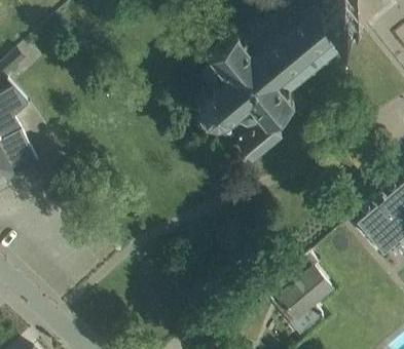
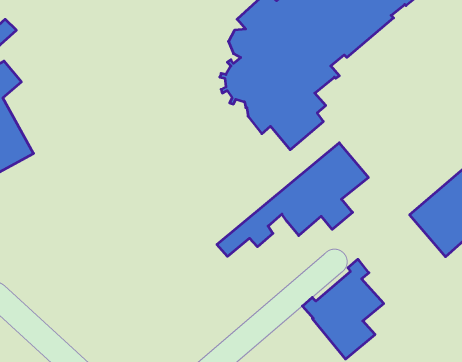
building: none -> [217,143,368,256]

